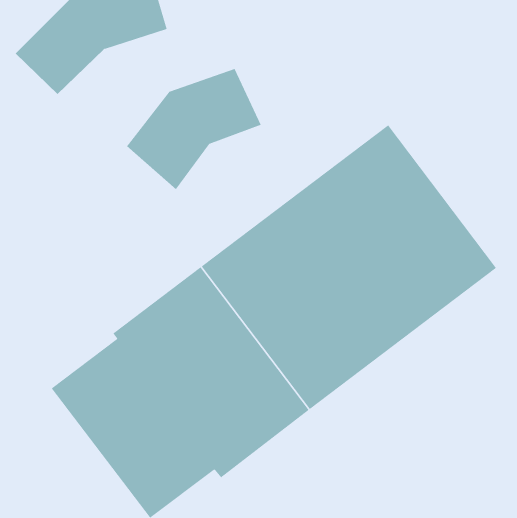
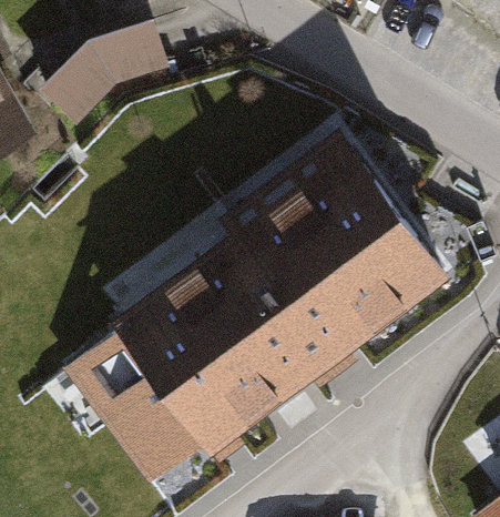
building: [126,68,262,190] -> none

